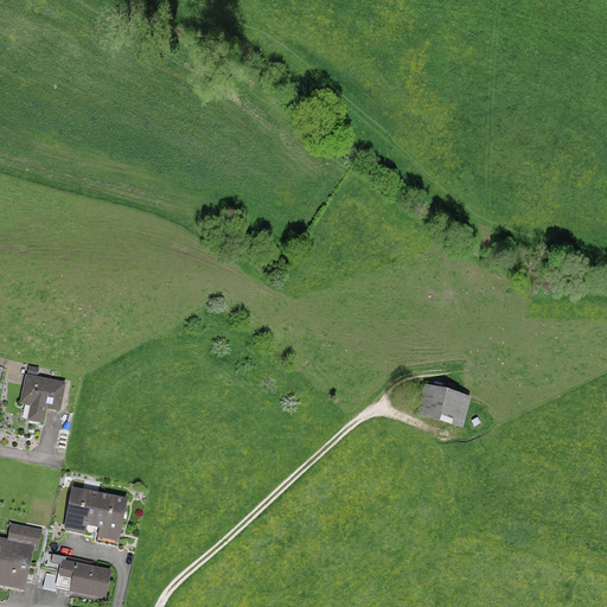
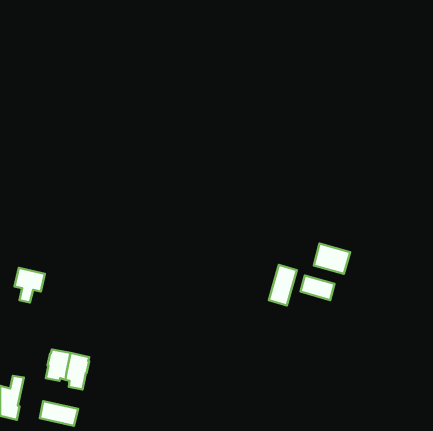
building: none -> [314,243,350,274]
building: none -> [269,265,297,306]

